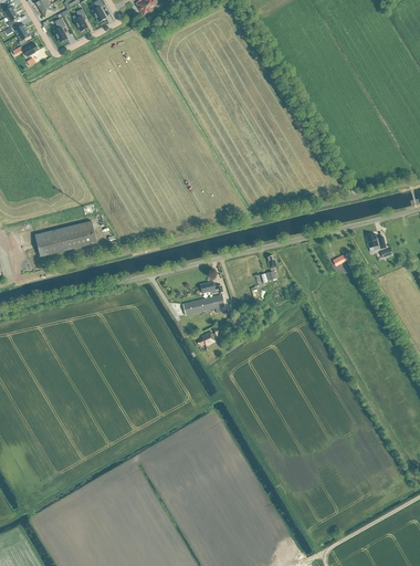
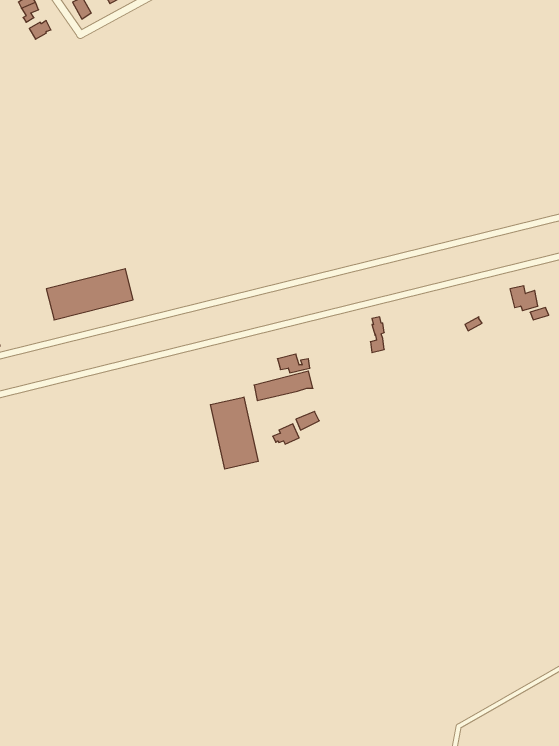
building: none -> [210,397,258,469]

